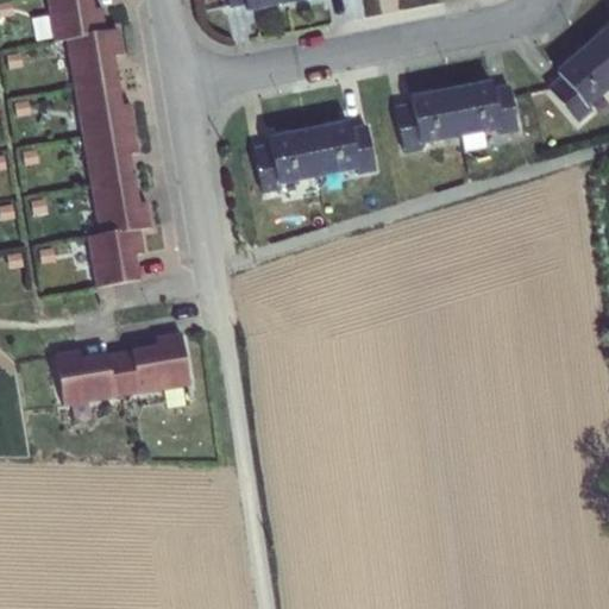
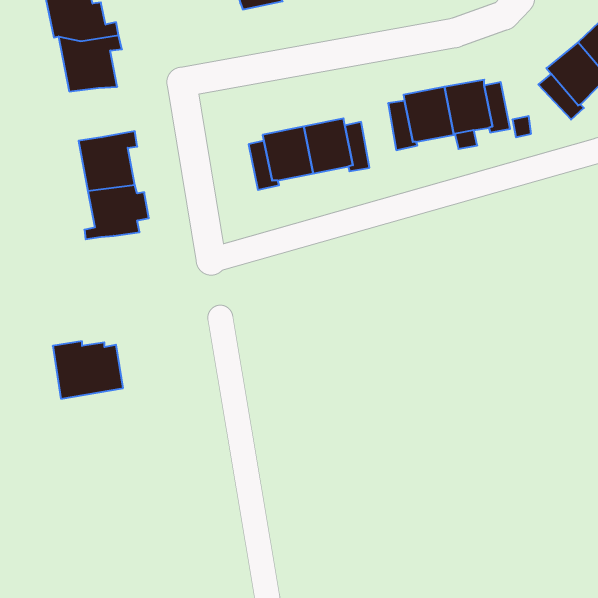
building: [71,88,138,143] -> none
building: [88,236,144,284] -> none
building: [119,332,189,394] -> none

